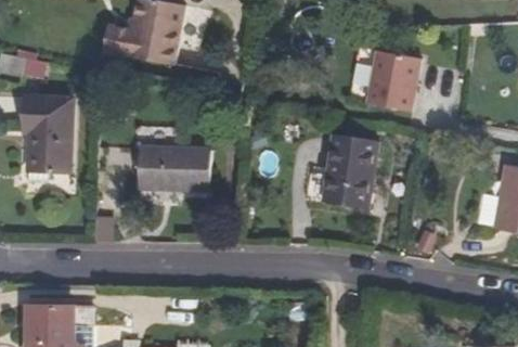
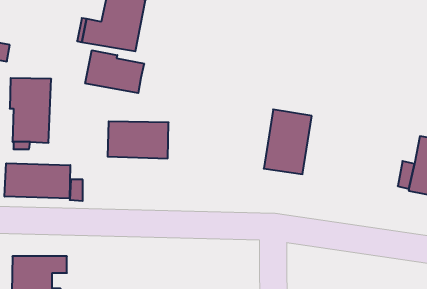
building: [365,49,418,111] -> none
building: none -> [85,50,144,93]
building: none -> [5,163,70,199]

